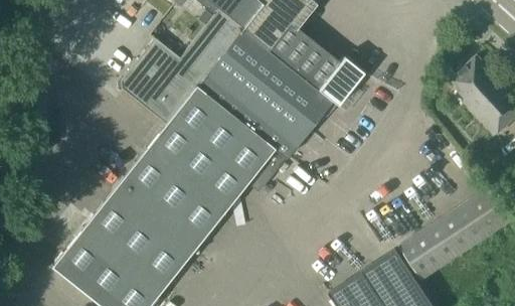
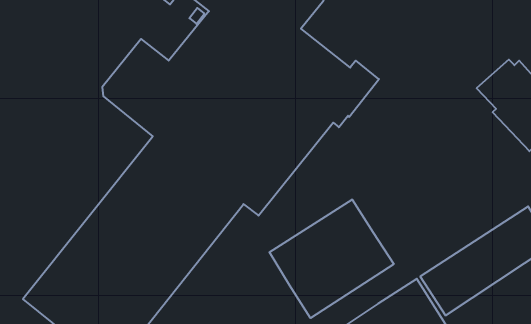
building: none -> [269,199,394,318]

